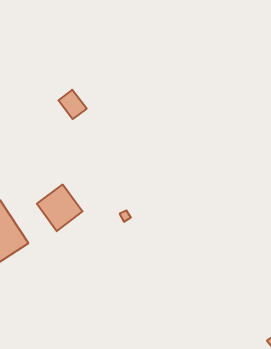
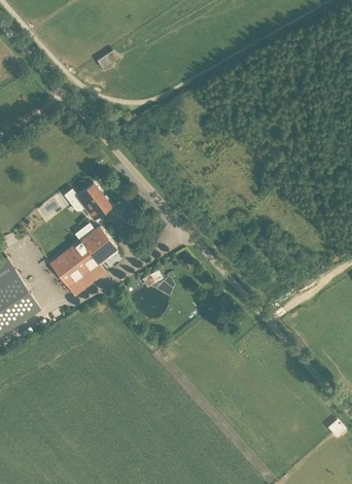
building: [58,90,87,119] -> [74,184,108,219]
building: none -> [80,226,116,263]

